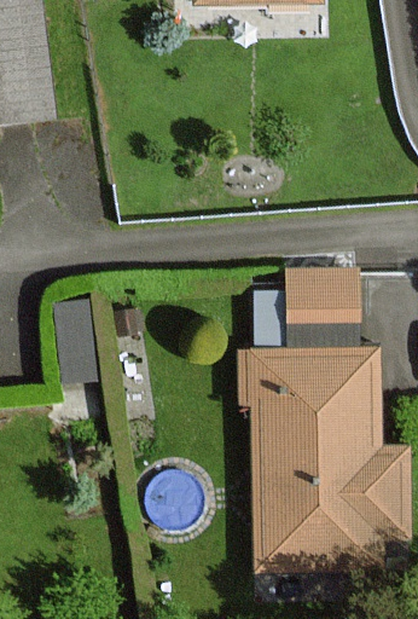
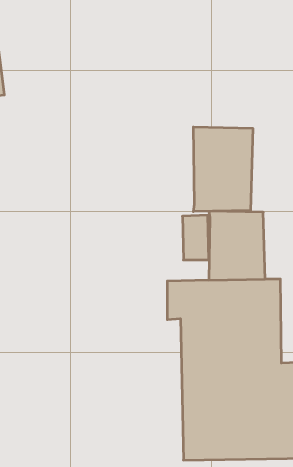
building: none -> [193,127,253,212]

